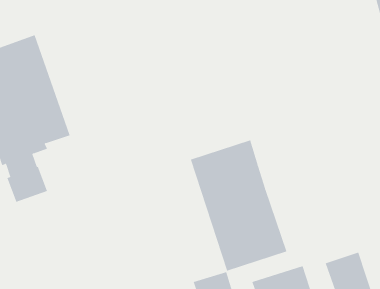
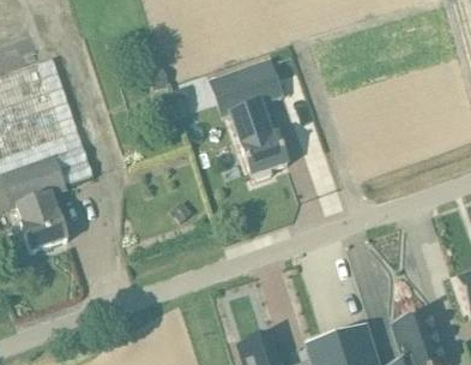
building: none -> [211,56,290,174]
building: [190,139,287,272] -> none

